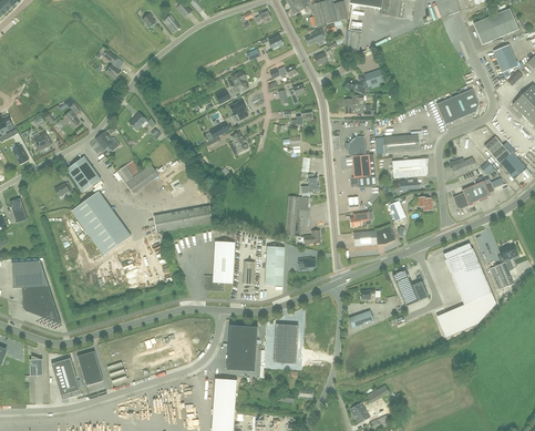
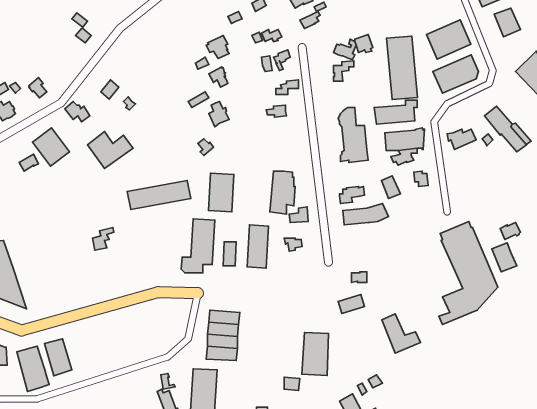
building: none -> [426,20,471,59]
building: none -> [386,36,417,100]
building: [453,179,494,207] -> none
building: [71,189,132,254] -> none
building: none -> [208,173,234,212]
building: [393,268,429,305] -> [382,314,420,353]
building: [272,325,297,365] -> [302,332,328,375]

